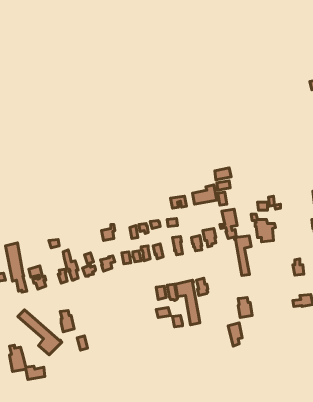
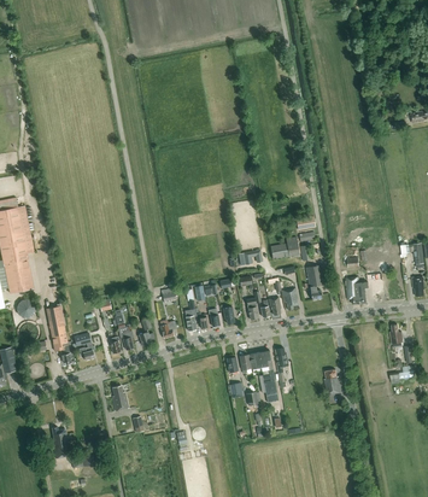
building: [235,236,251,275] -> none
building: [18,310,62,355] -> none

